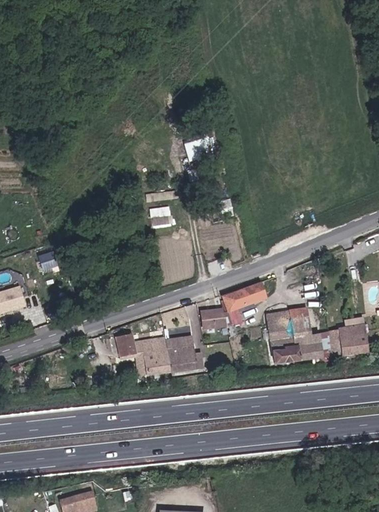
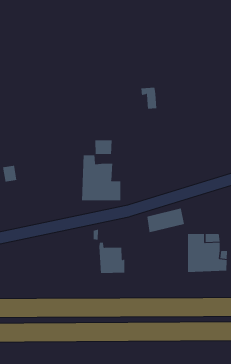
building: none -> [81,154,121,201]
building: [201,309,223,331] -> none
building: [121,334,168,374] -> none

